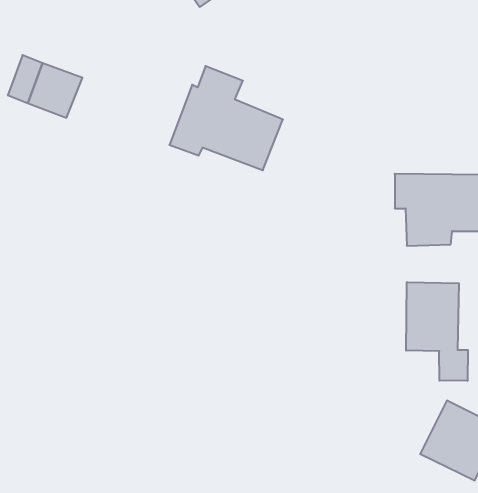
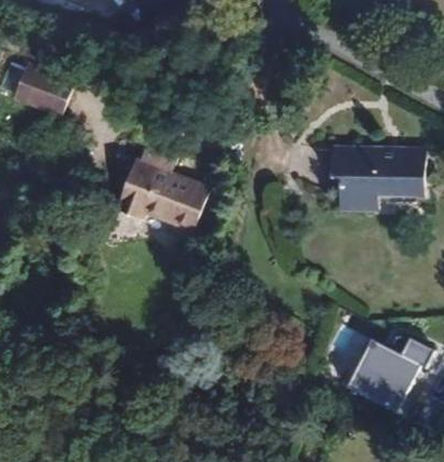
building: [169,66,283,170] -> [118,142,211,227]
building: [406,282,468,381] -> none

